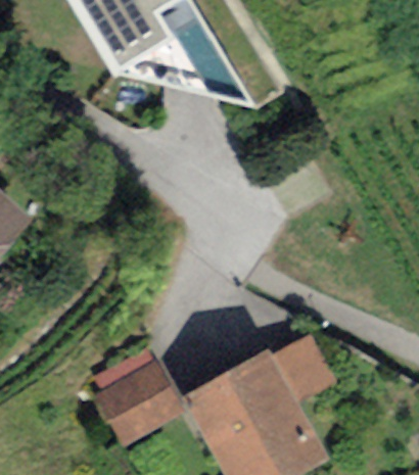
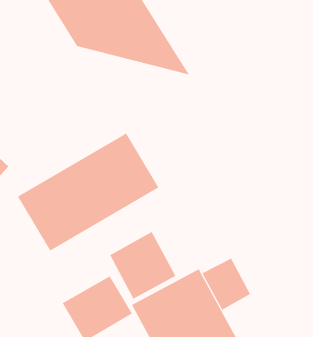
building: none -> [17,132,159,252]
building: none -> [110,231,176,299]

